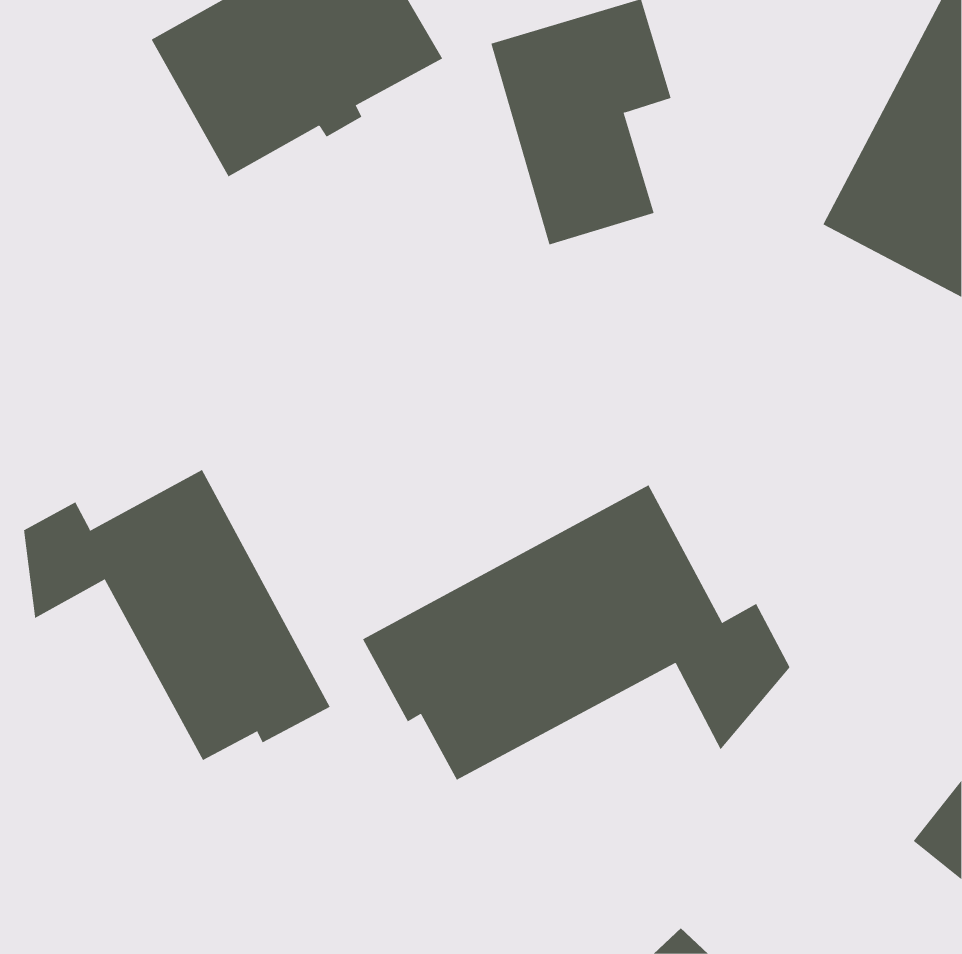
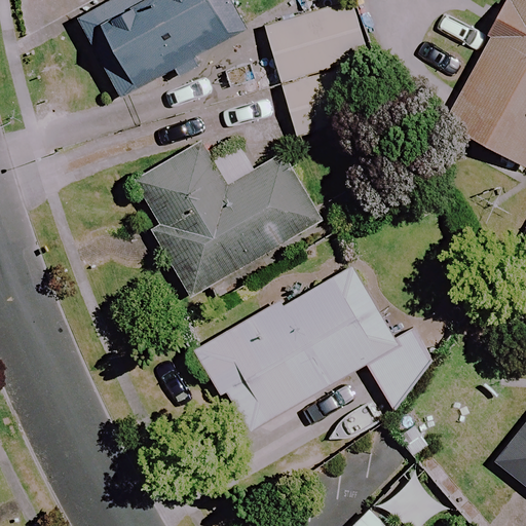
building: none -> [139,144,321,292]
building: [24,469,331,761] -> none

